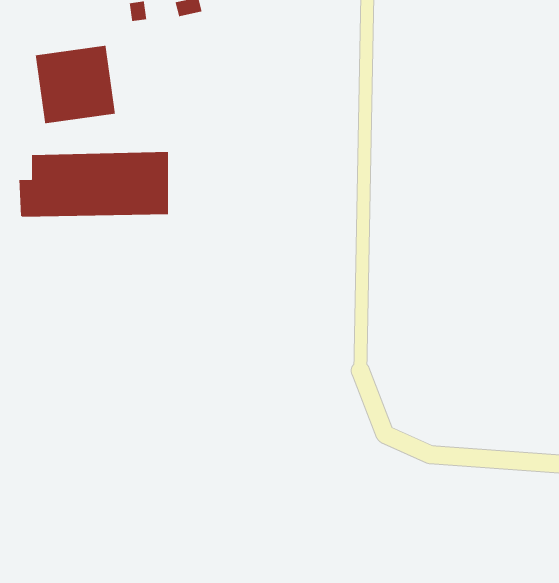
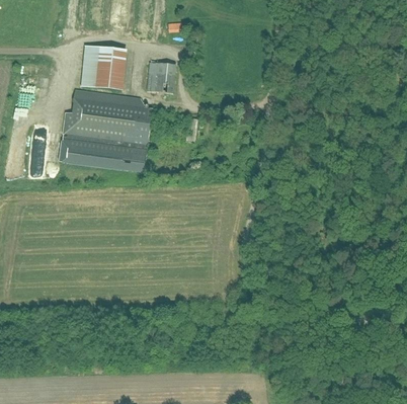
building: none -> [147,63,176,93]
building: none -> [59,139,148,174]

